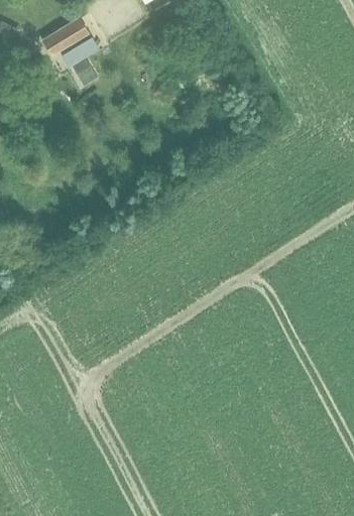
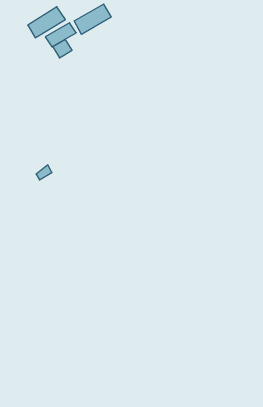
building: none -> [74,4,111,34]

